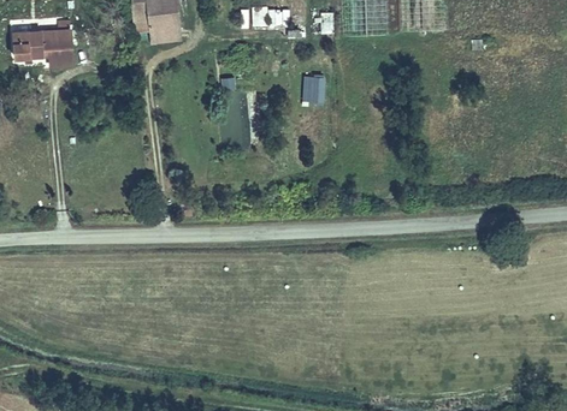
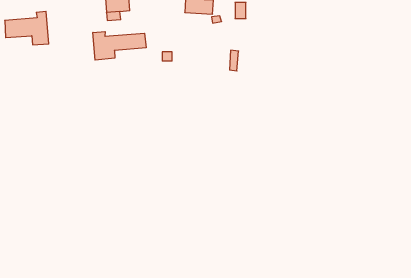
building: none -> [93,32,146,60]

